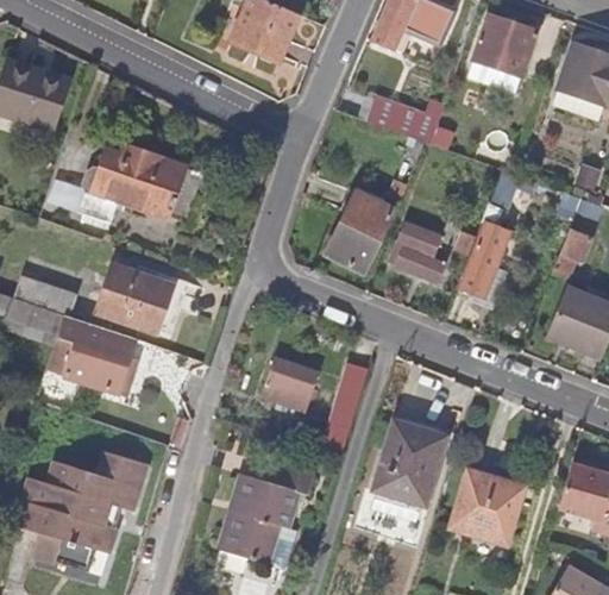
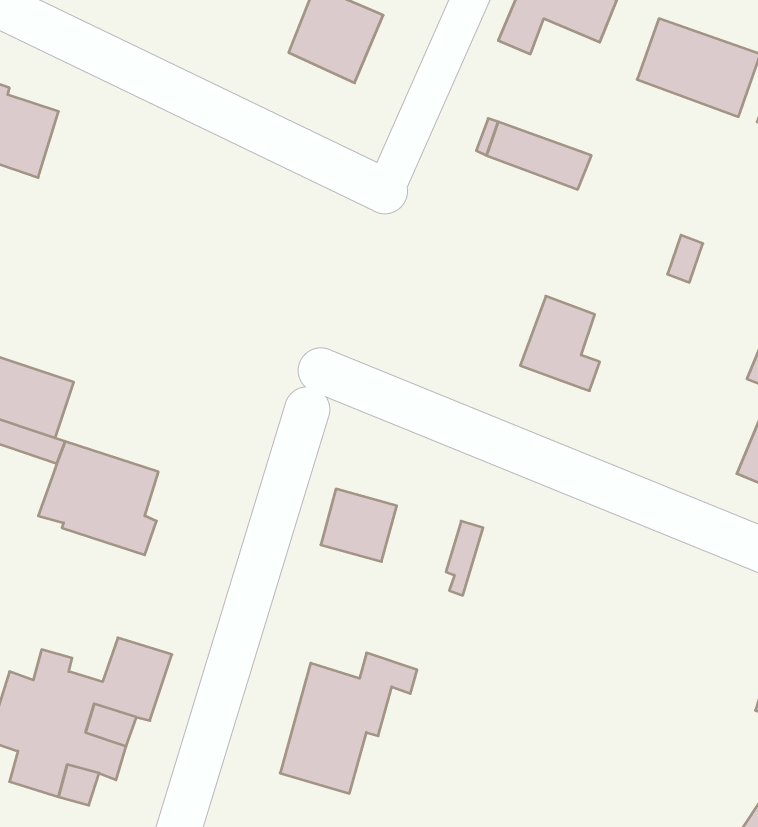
building: [73,144,181,220] -> none
building: [329,177,410,274] -> none
building: [463,224,515,307] -> none
building: [105,265,178,333] -> none
building: [375,420,446,503] -> none
building: [452,465,525,540] -> none

